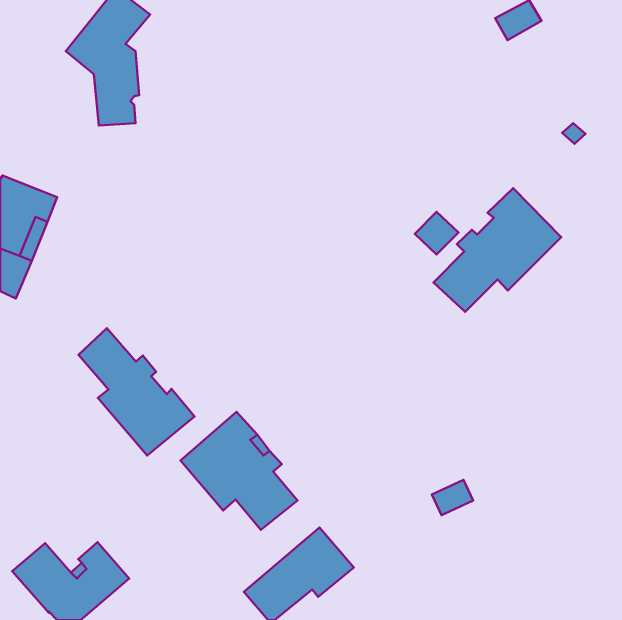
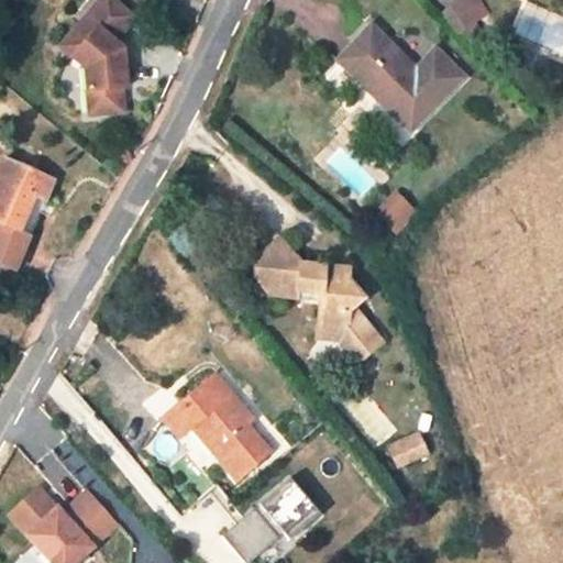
building: none -> [339,27,461,129]
building: [433,188,561,312] -> none
building: none -> [255,238,384,363]
building: [79,328,195,456] -> none

